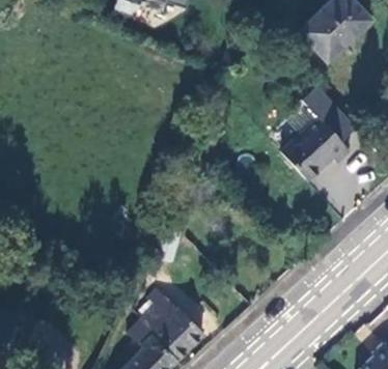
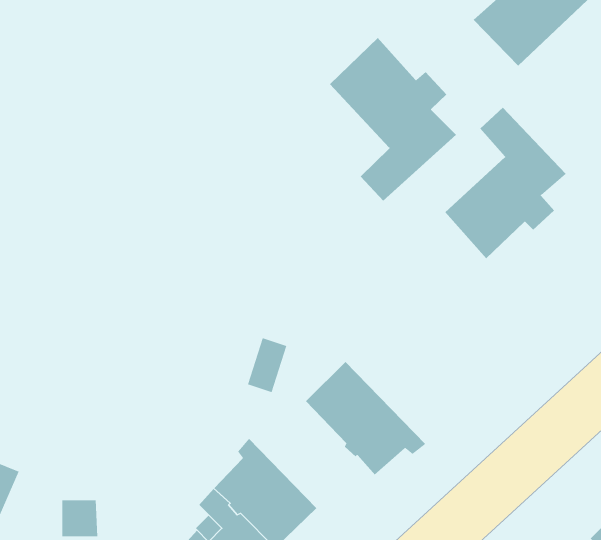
building: none -> [329,37,457,202]
building: none -> [305,361,426,476]

